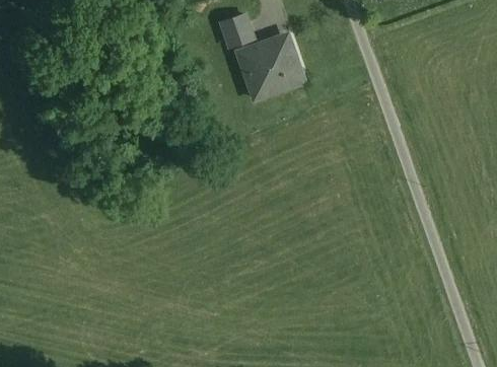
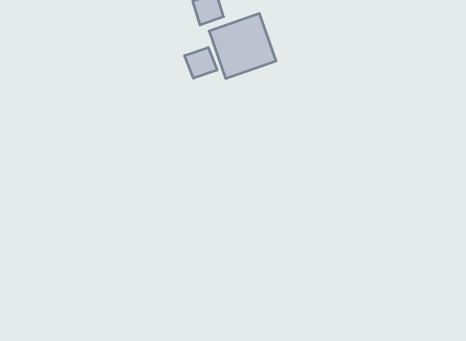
building: none -> [185,47,217,78]

